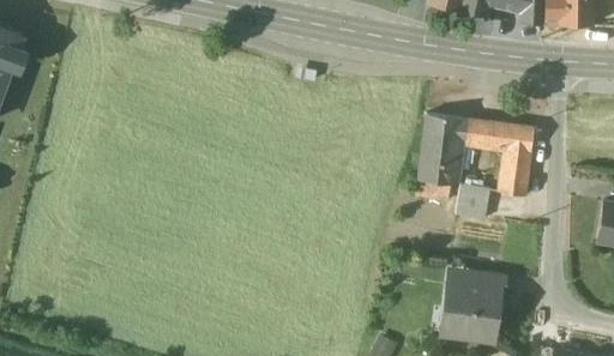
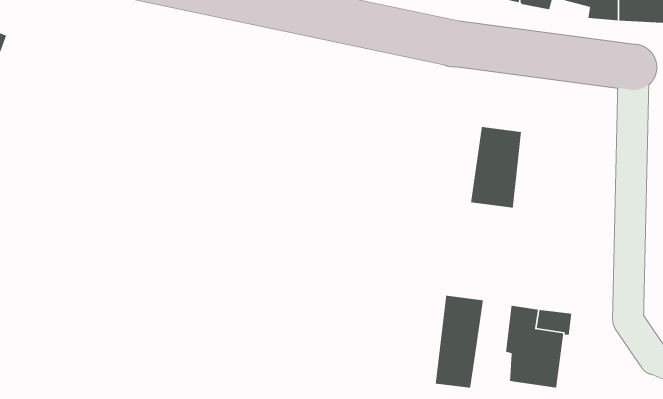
building: [458,119,532,197] -> none
building: [455,186,489,218] -> none
building: none -> [435,295,484,388]

